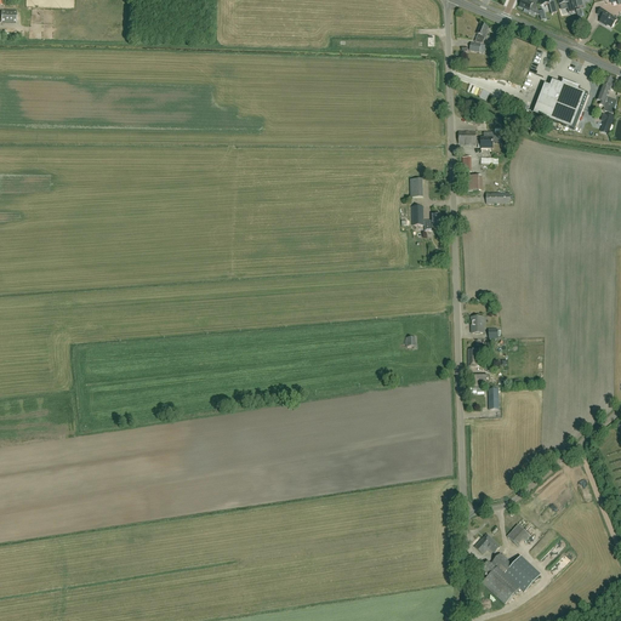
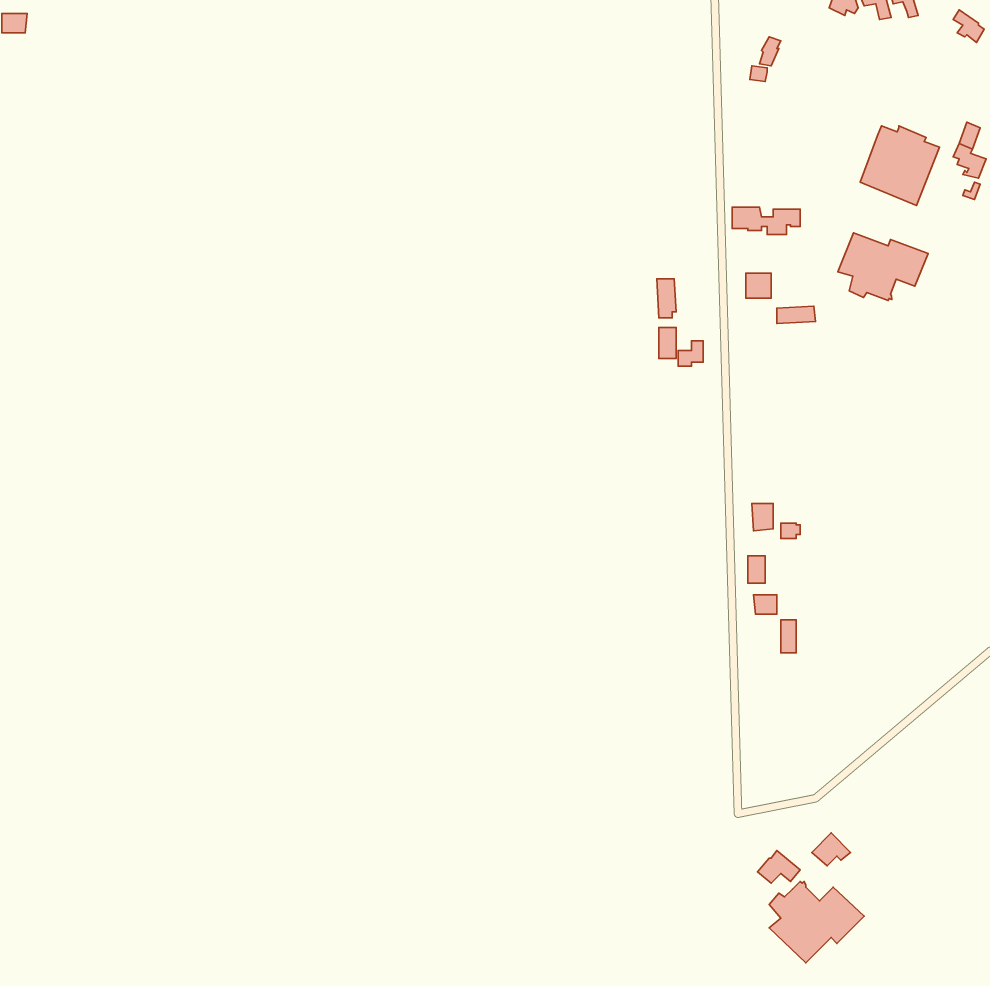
building: none -> [838,233,928,301]

